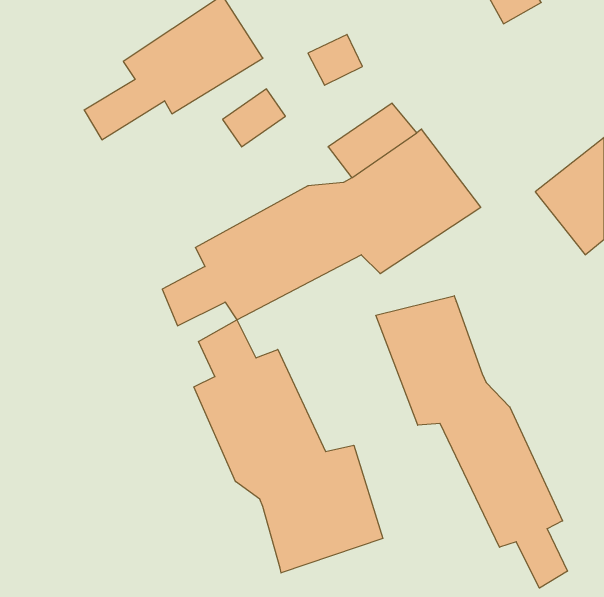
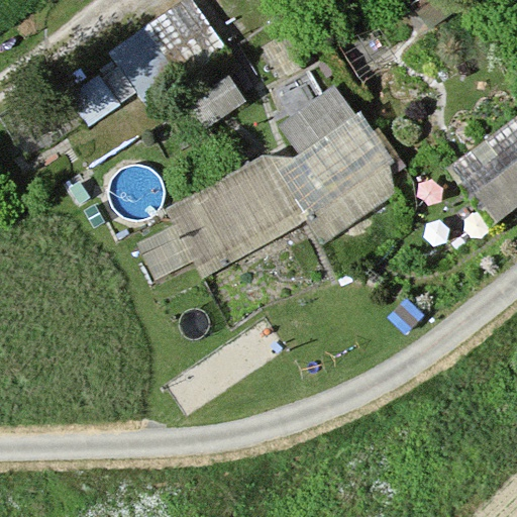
building: [376,296,567,588] -> none
building: [194,320,383,573] -> none

